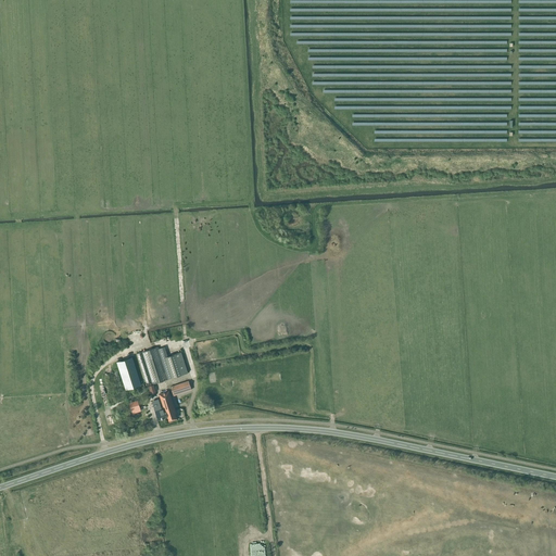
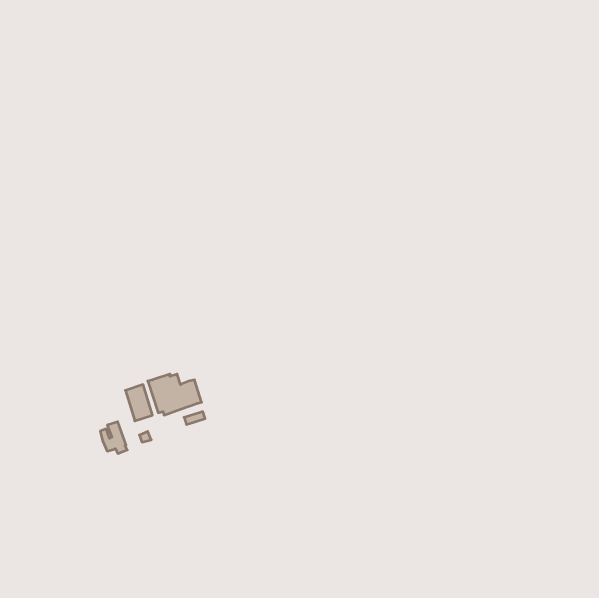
building: [152,393,177,422] -> [100,422,127,453]

